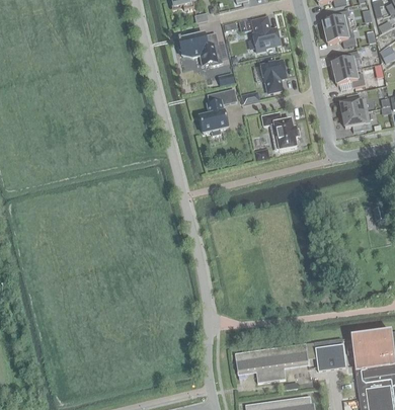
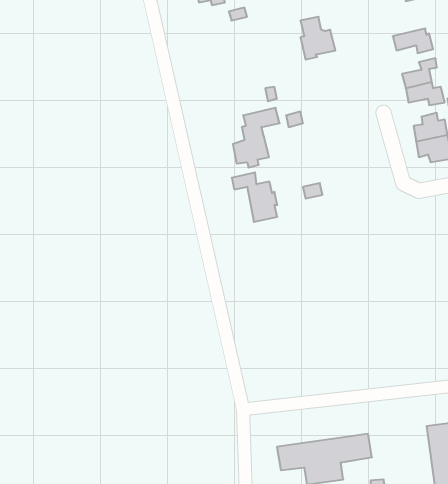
building: [322,10,349,33] -> none
building: [177,33,222,65] -> none
building: [260,61,286,93] -> none
building: [261,112,297,151] -> [232,172,277,222]
building: [314,338,345,371] -> none

